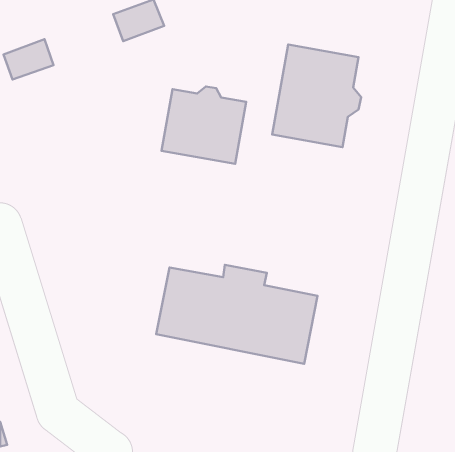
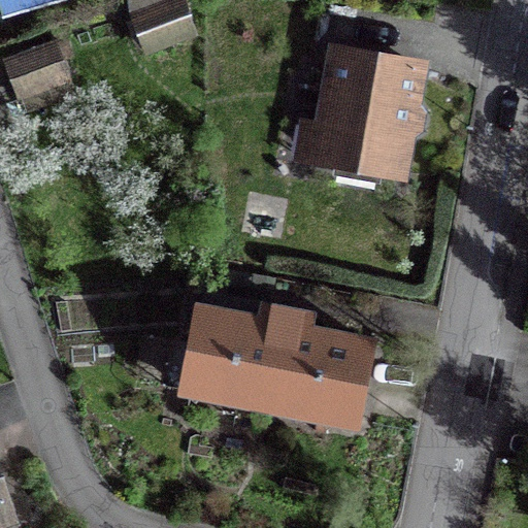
building: [161,87,246,164] -> none

